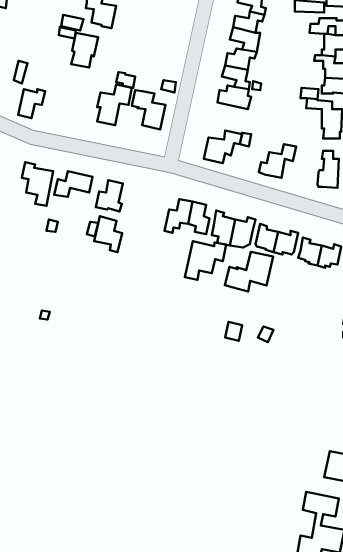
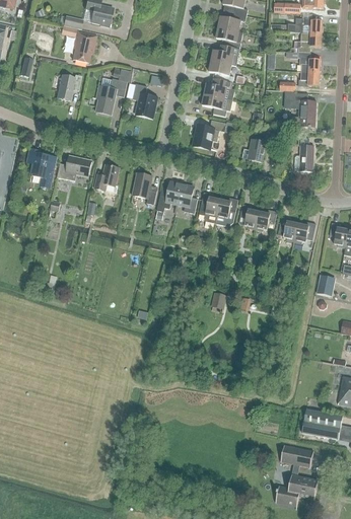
building: [18,89,45,118] -> [57,73,81,99]
building: none -> [202,93,231,116]
building: [94,216,122,252] -> [132,171,157,204]
building: [185,241,226,280] -> none
building: [225,252,273,291] -> none

